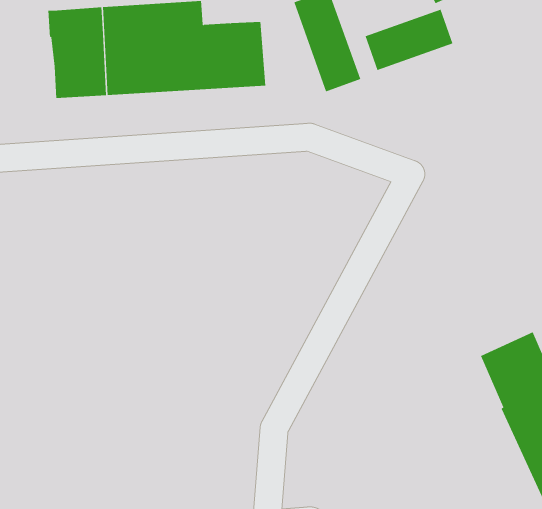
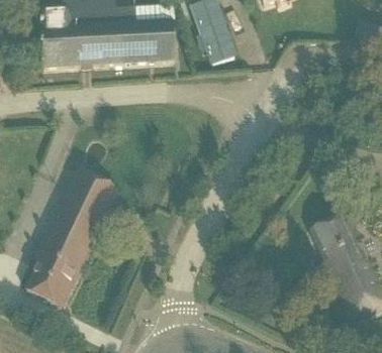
building: [365,9,453,71] -> none
building: none -> [27,169,118,308]

